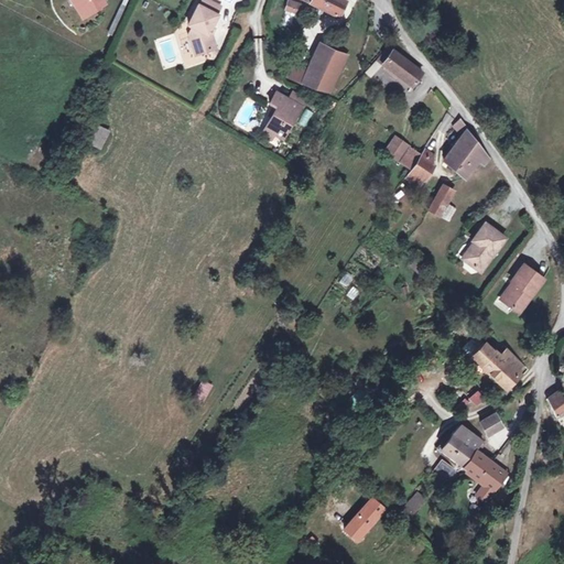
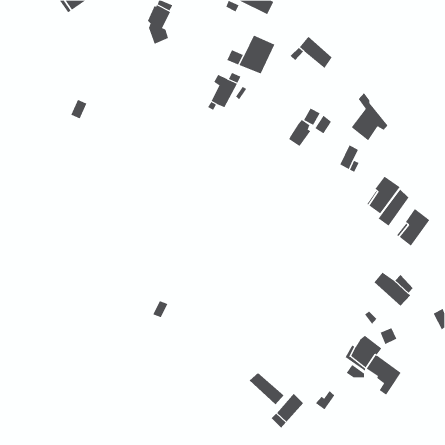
building: [408,149,436,184] -> [288,119,311,147]
building: none -> [378,189,409,227]
building: none -> [249,372,284,405]

